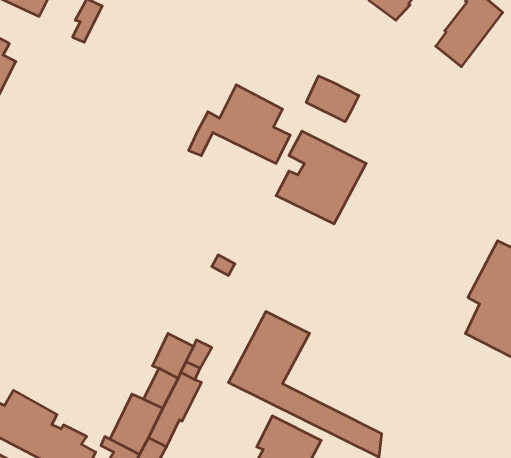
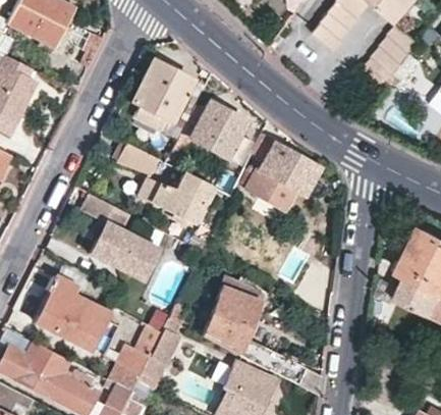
building: none -> [131,61,191,138]
building: [306,76,359,122] -> none
building: none -> [116,145,215,224]
building: none -> [81,194,159,280]
building: none -> [36,275,111,349]

